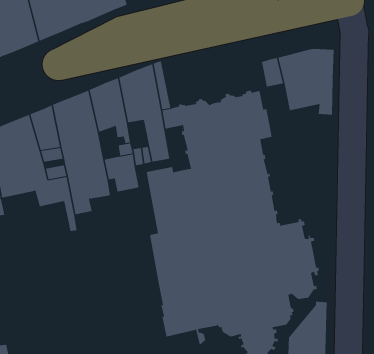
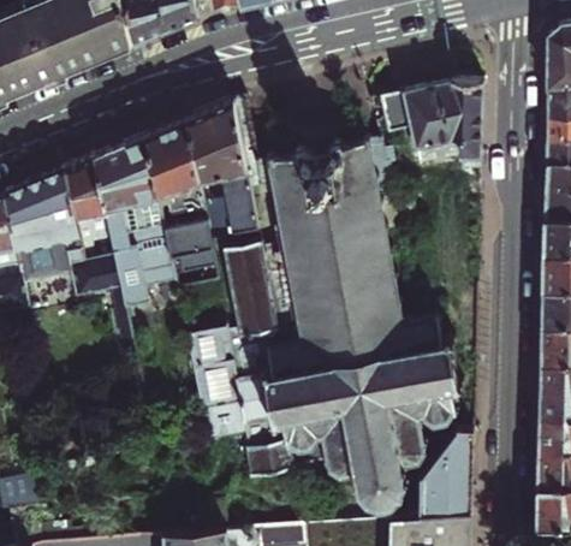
building: none -> [188,330,246,439]

